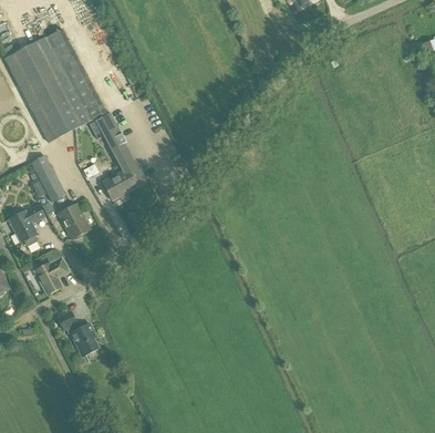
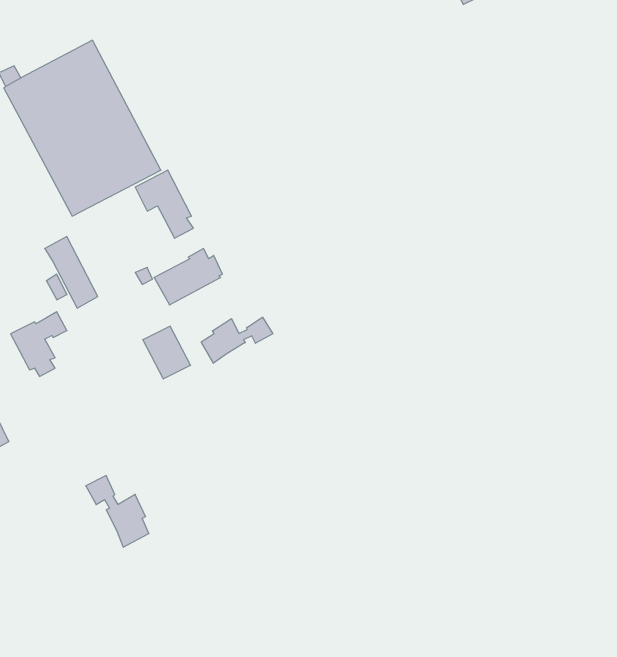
building: [58,204,89,238] -> [143,326,191,379]
building: none -> [201,317,273,363]
building: [33,252,69,295] -> none

